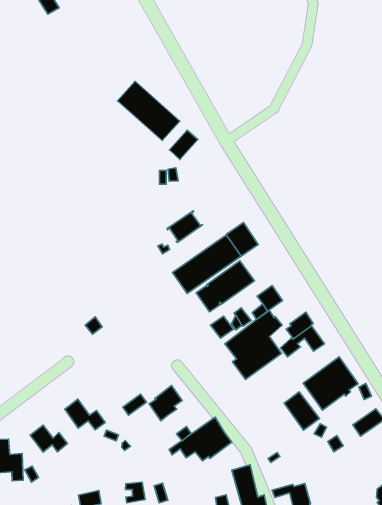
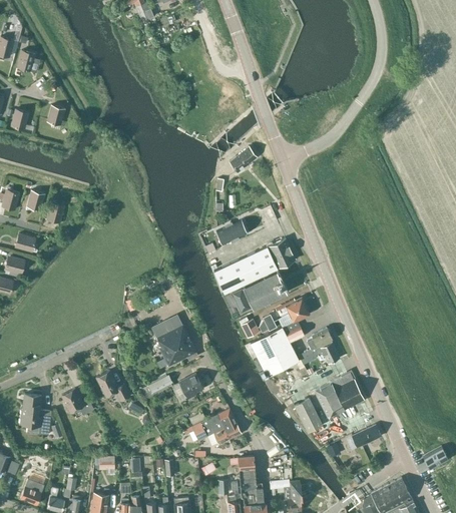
building: [117,82,180,141] -> none
building: none -> [151,315,197,369]

